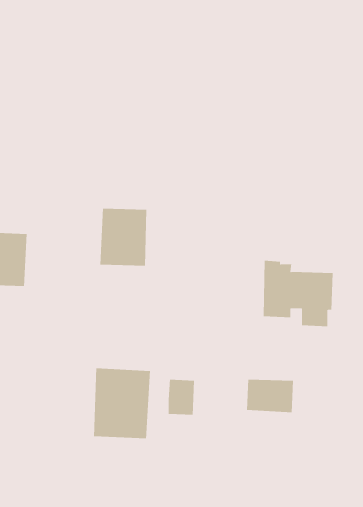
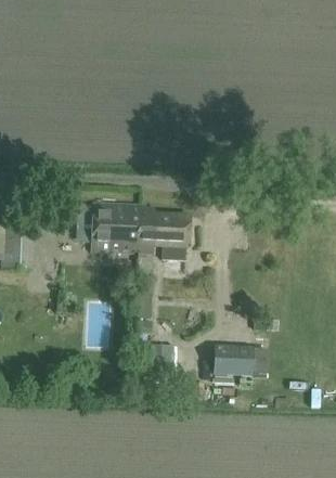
building: [263,260,333,327] -> [129,203,189,259]
building: [94,368,150,439] -> none

